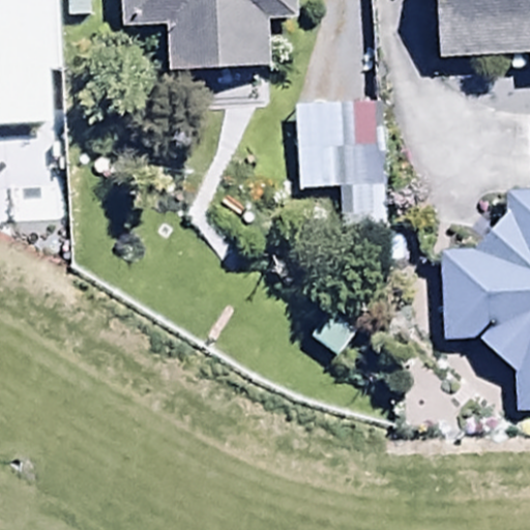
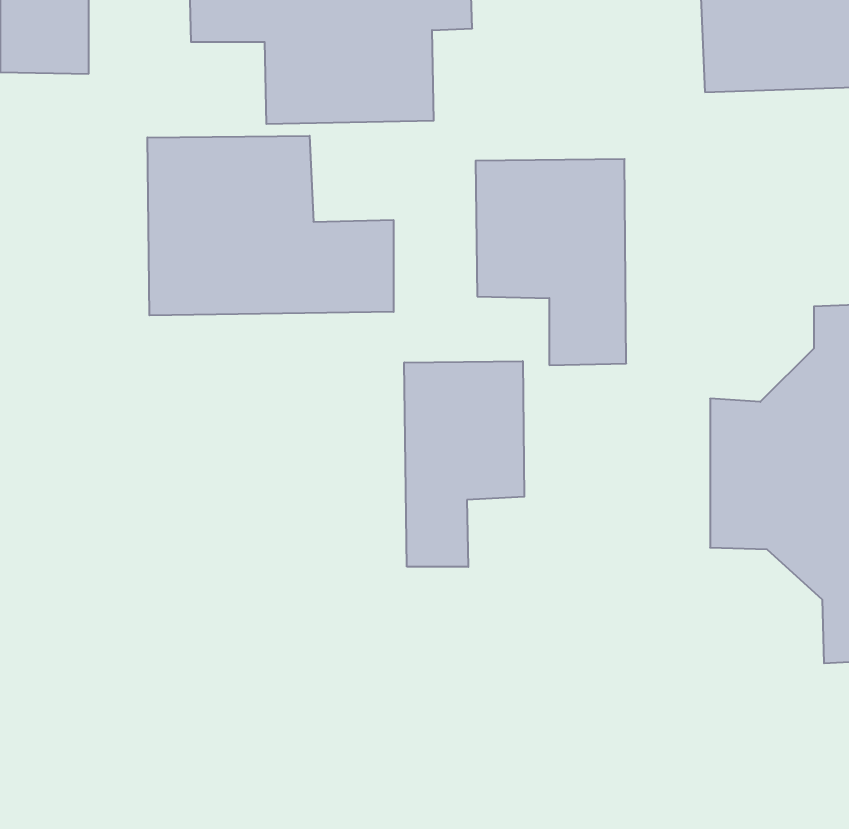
building: none -> [147,136,394,315]
building: none -> [404,361,524,567]

